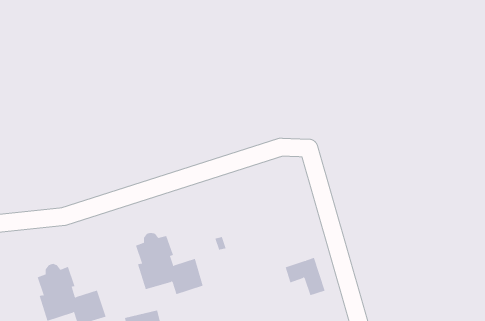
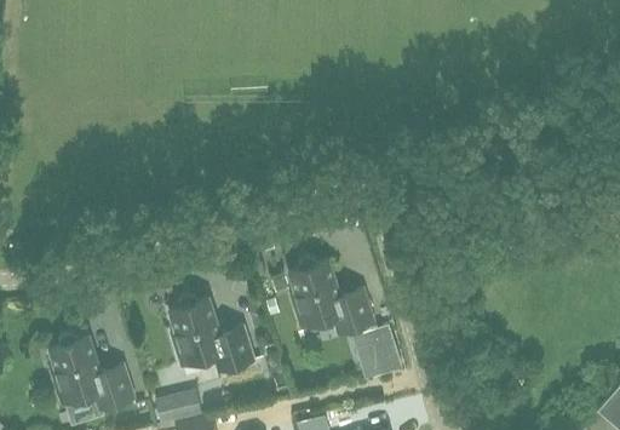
building: none -> [289,256,373,332]

